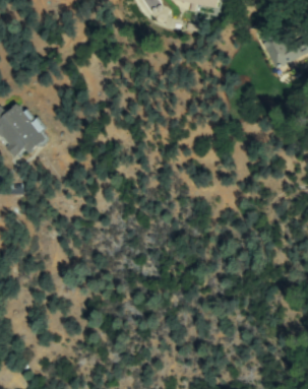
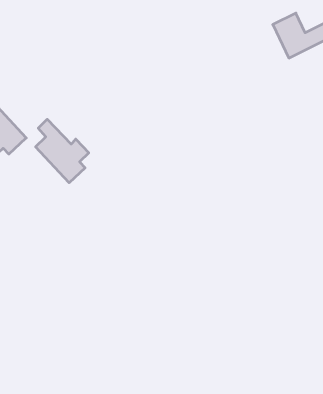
building: none -> [36,119,89,183]

